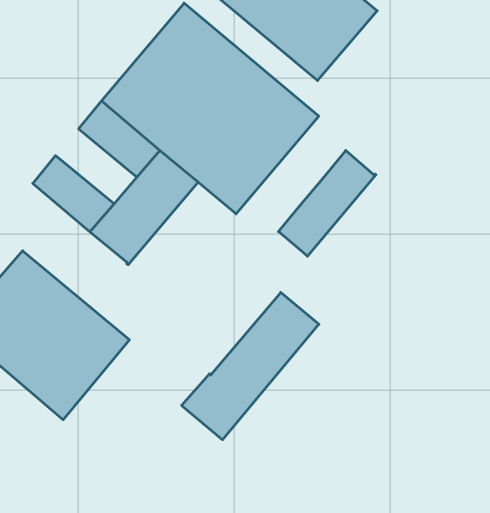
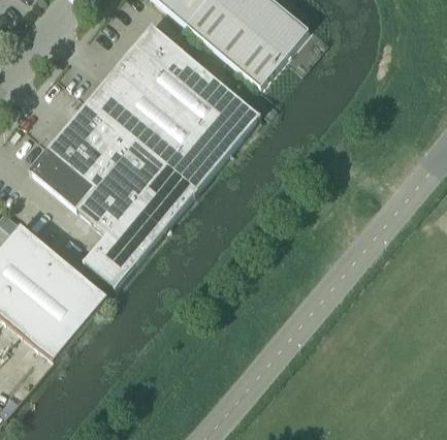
building: none -> [47,126,114,187]
building: [278,150,376,256] -> none
building: [182,292,319,440] -> [83,169,194,289]

